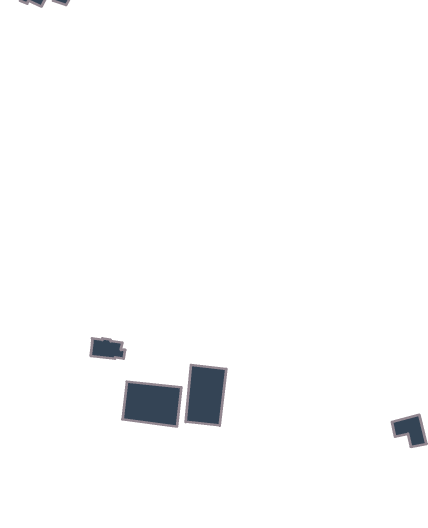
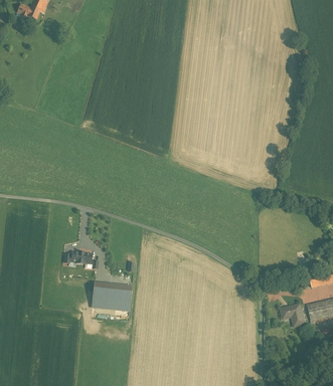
building: [186,365,226,426] -> none

